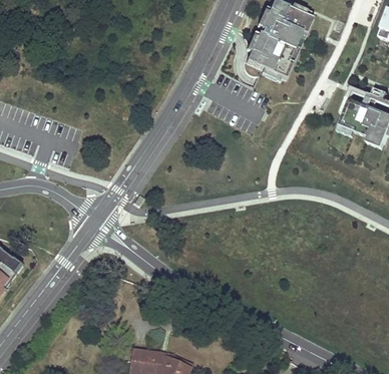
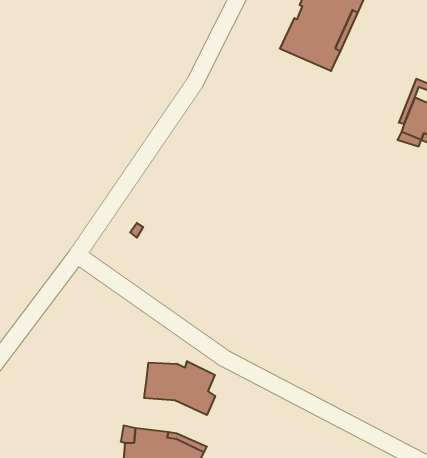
building: none -> [144,361,215,415]

